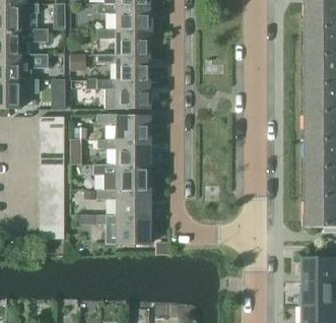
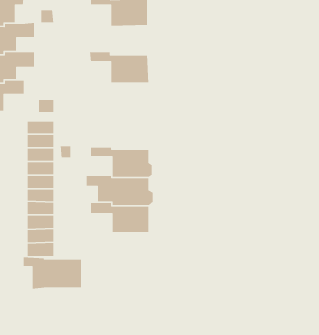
building: [95,28,148,57] -> none
building: [96,79,149,108] -> none
building: [96,114,149,141] -> none
building: [96,214,149,244] -> [23,257,82,289]

